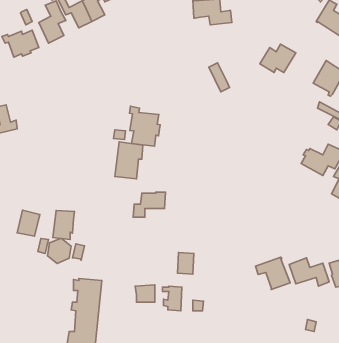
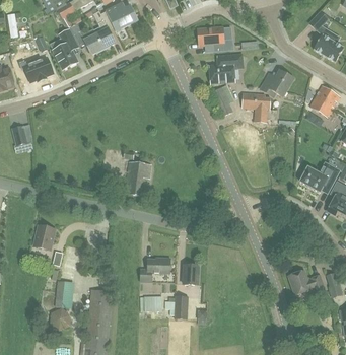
building: none -> [209,54,241,82]
building: none -> [241,91,276,121]
building: [130,106,160,146] -> none
building: [133,192,166,217] -> [139,257,169,280]
building: [47,210,75,263] -> [49,280,74,330]
building: [255,257,290,290] -> none

